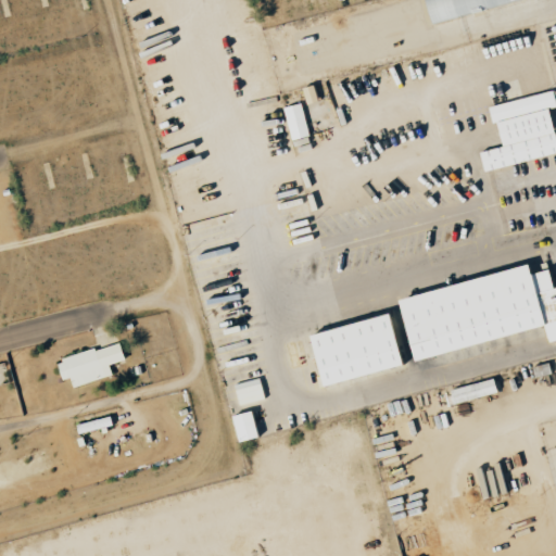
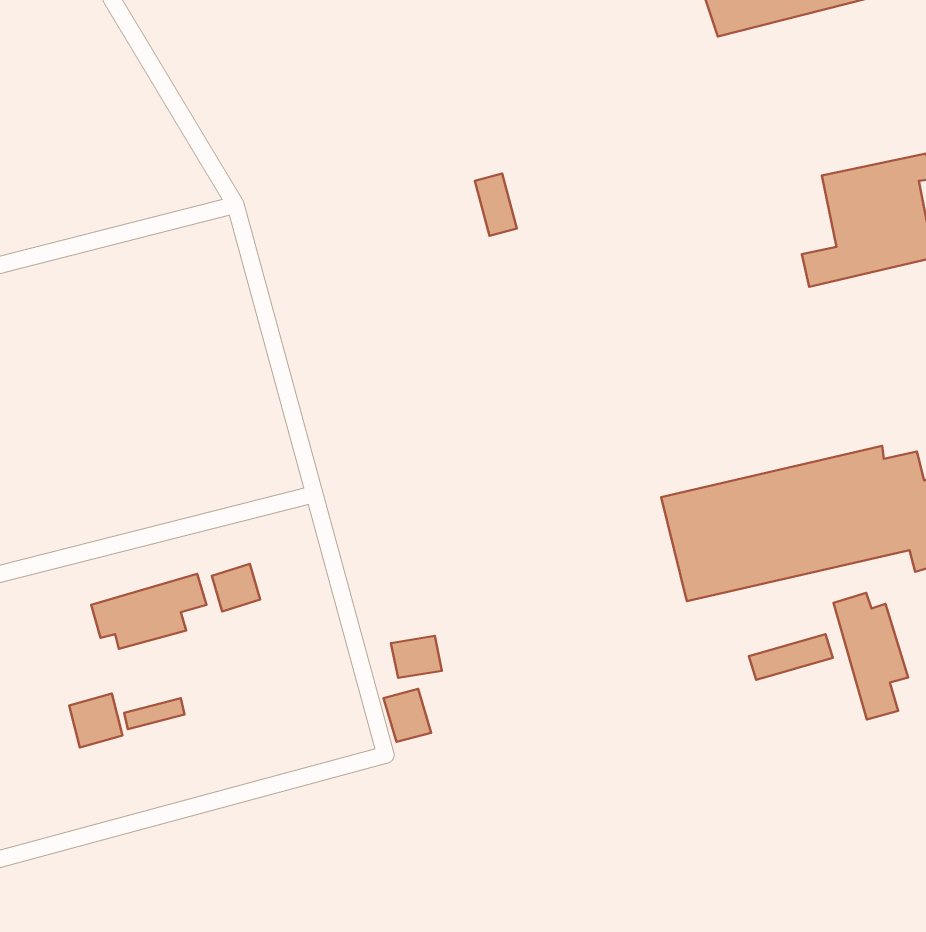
building: [306,313,402,386] -> none
building: none -> [212,564,260,611]
building: none -> [834,593,908,720]
building: none -> [69,694,123,747]

